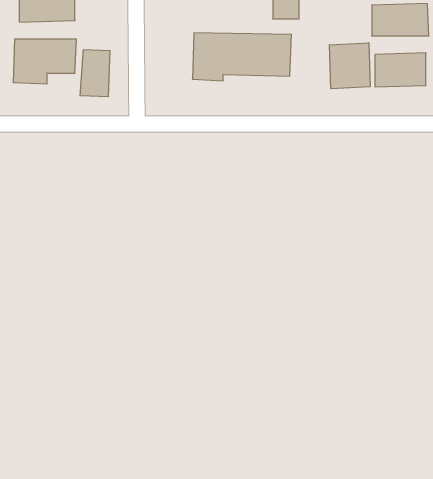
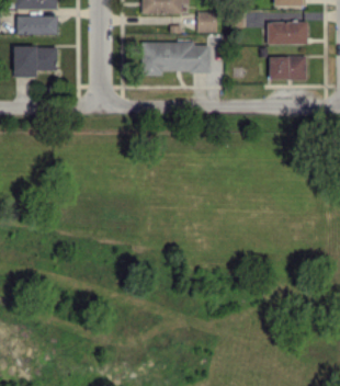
building: [329,43,370,89] -> none
building: [80,50,110,97] -> none

